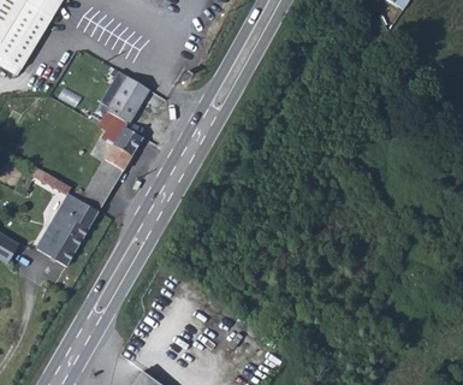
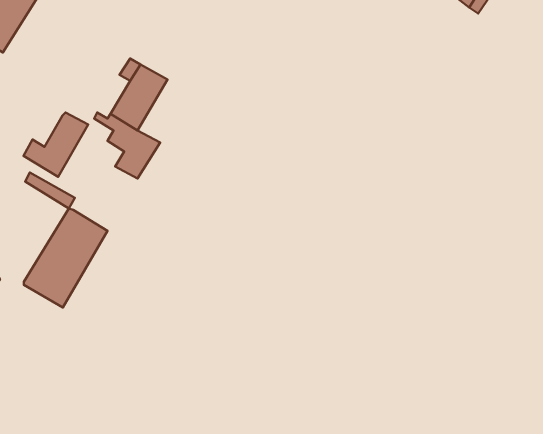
building: [73,154,125,206] -> [24,112,88,177]

